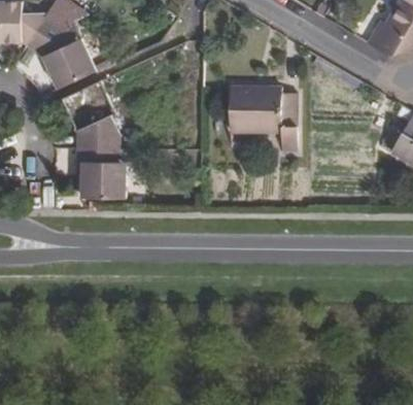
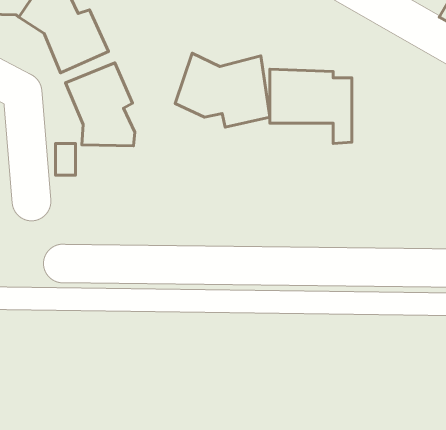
building: none -> [175,53,270,127]
building: [76,147,127,199] -> none

